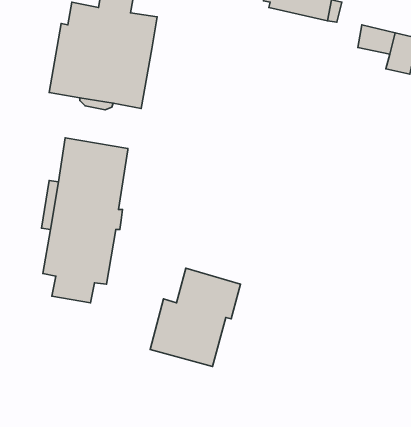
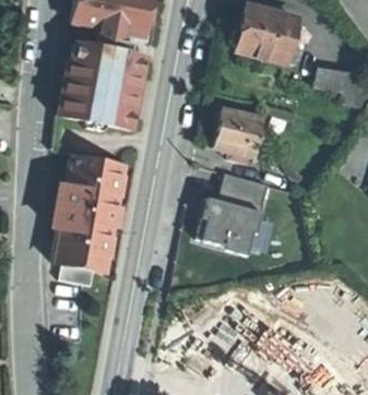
building: none -> [216,106,265,155]
building: [150,268,240,367] -> [198,175,272,255]

